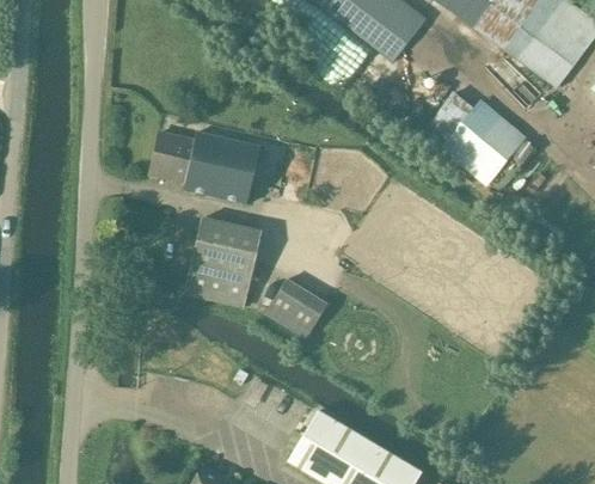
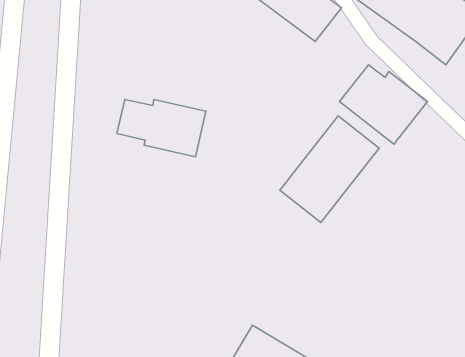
building: none -> [280,116,379,222]
building: [184,216,260,306] -> none
building: [265,277,329,338] -> none

